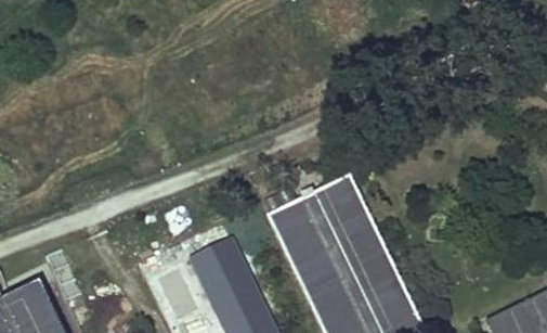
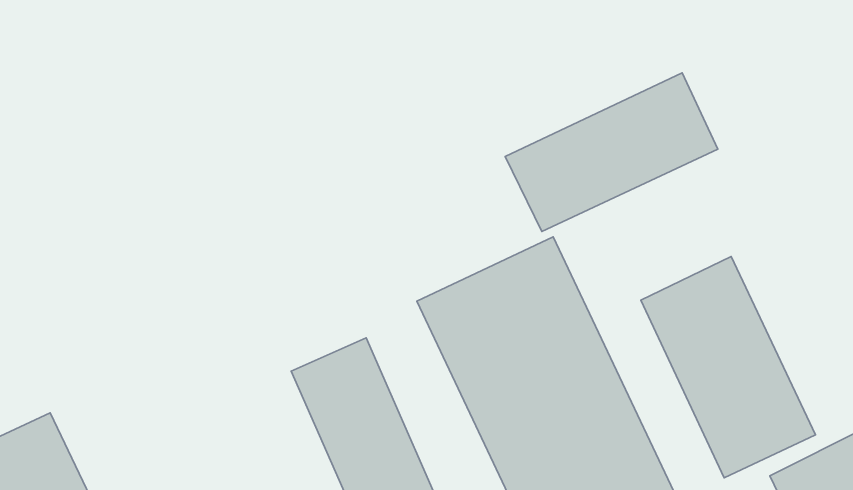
building: none -> [505,73,718,232]
building: none -> [641,256,816,478]

